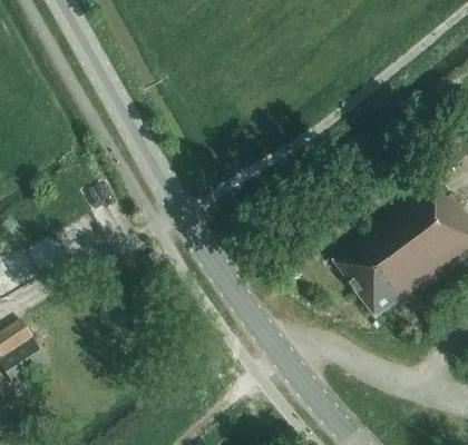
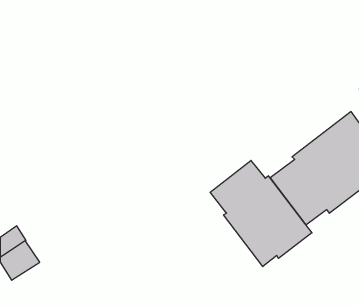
building: none -> [210,160,312,267]

